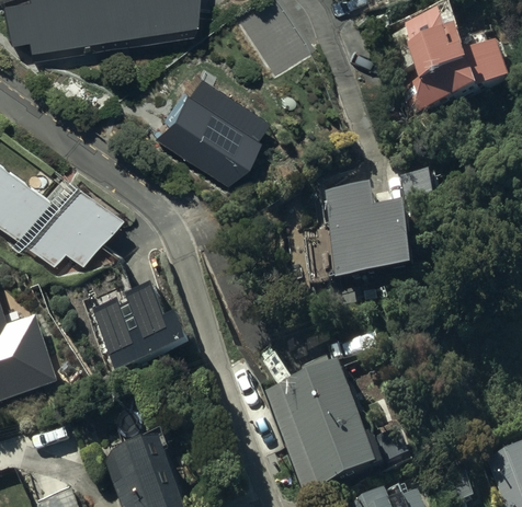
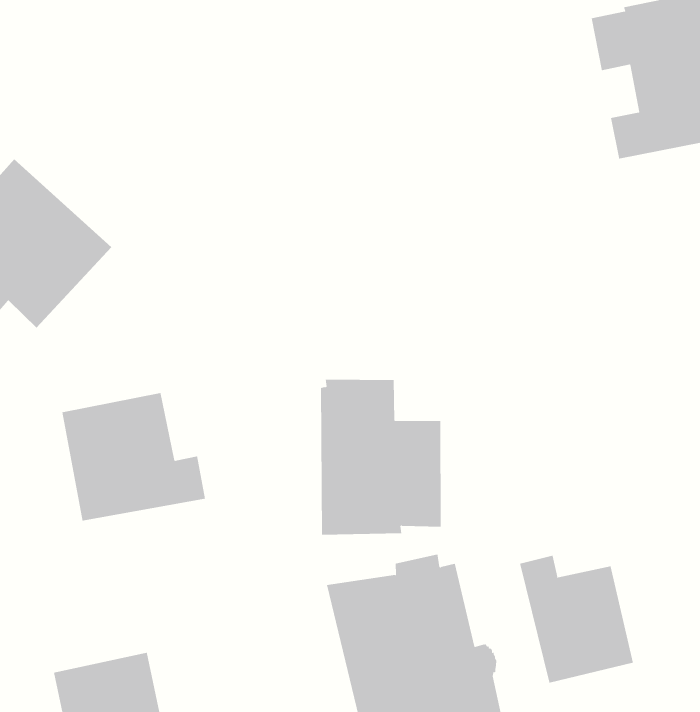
building: [145,77,249,170] -> none
building: [331,187,413,285] -> [320,379,442,535]
building: none -> [519,555,633,683]

